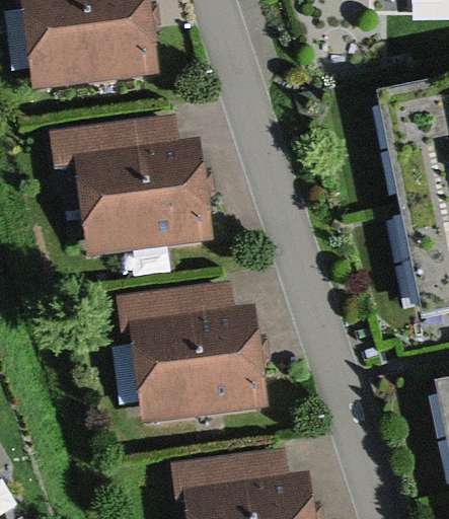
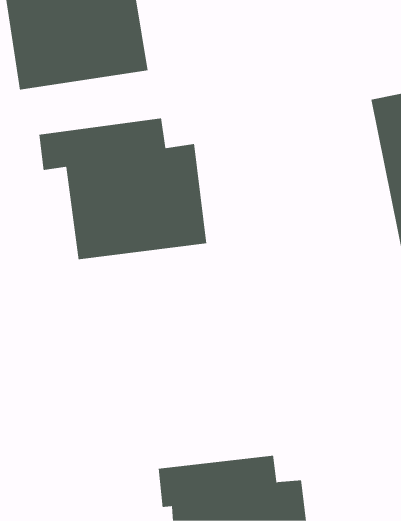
building: [117,283,269,422] -> none

